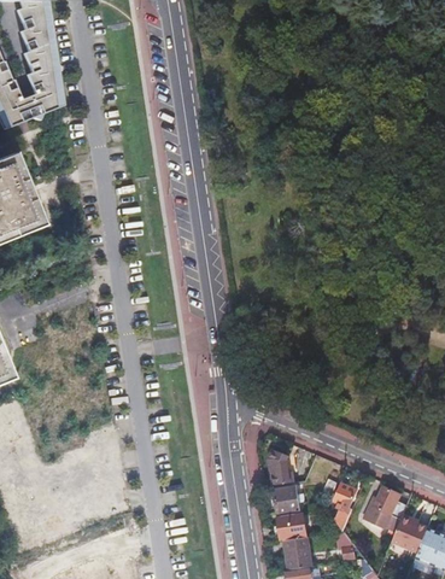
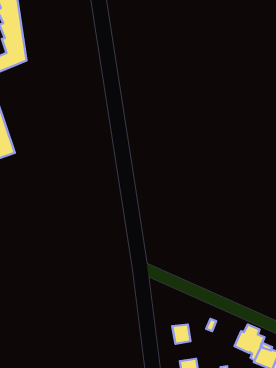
building: [268,448,293,485] -> none
building: [333,481,357,531] -> none
building: [277,513,306,539] -> none

